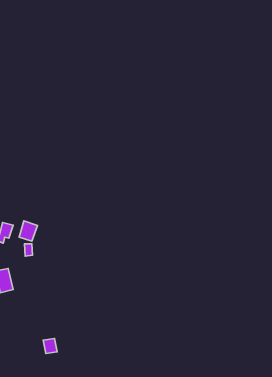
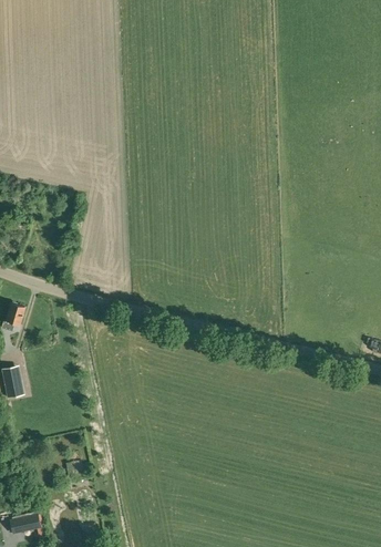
building: [19,221,38,241] -> none

